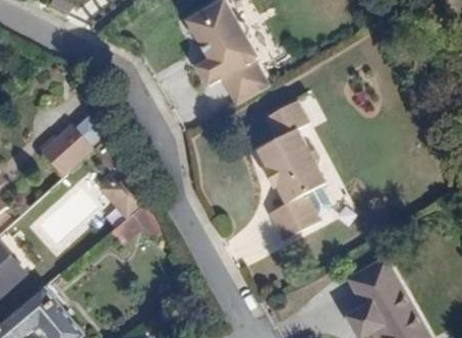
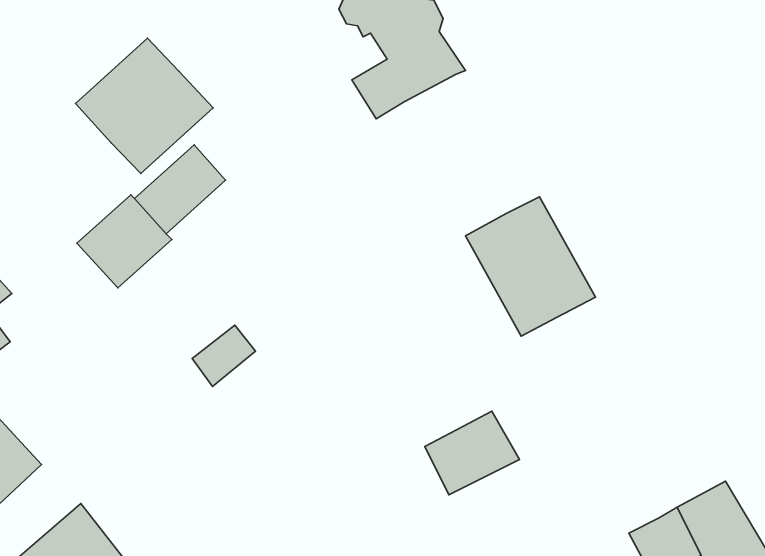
building: none -> [75,38,213,173]
building: [222,59,267,101] -> none
building: [267,97,310,135] -> none
building: [269,192,321,238] -> [425,411,520,495]
building: [348,258,398,302] -> none

